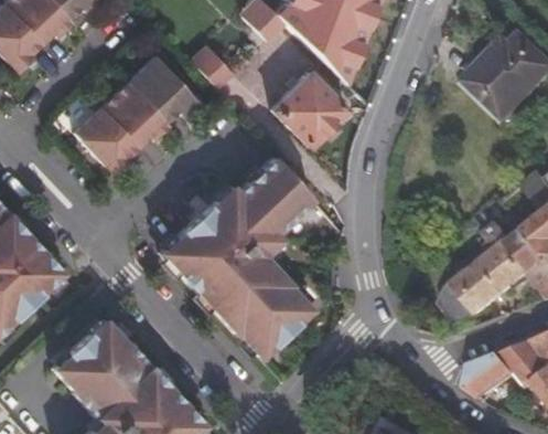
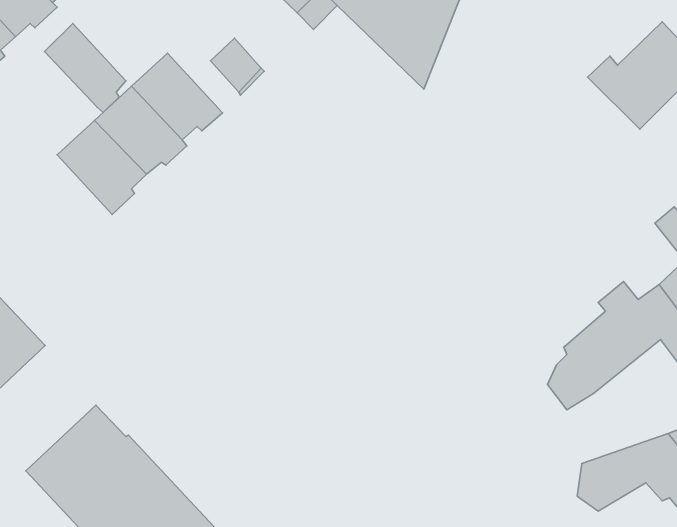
building: none -> [45,24,126,112]
building: [268,68,344,142] -> none
building: [161,156,312,356] -> none

